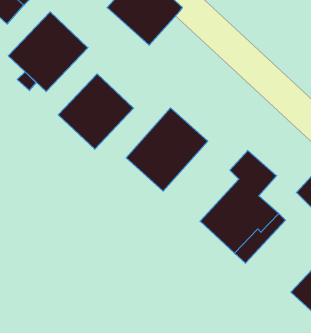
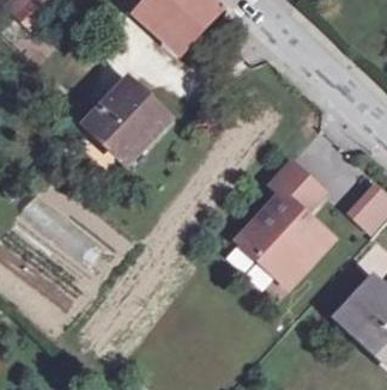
building: [8,12,88,92] -> none
building: [126,108,208,191] -> none

